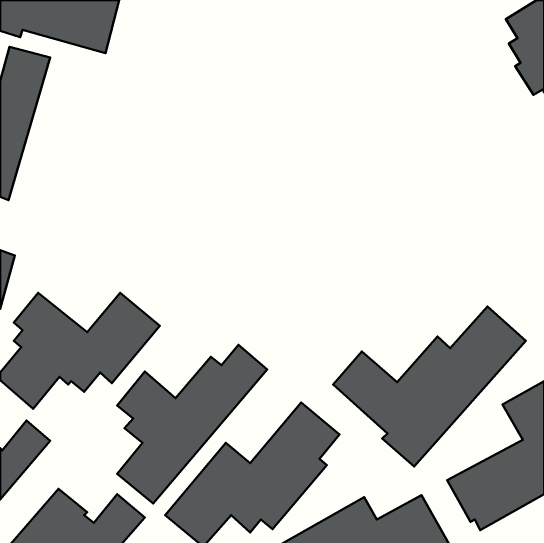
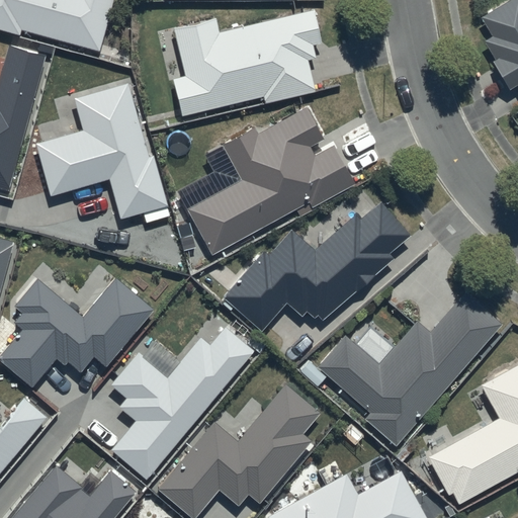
building: none -> [171,10,320,116]
building: none -> [35,84,168,221]
building: none -> [185,107,354,255]
building: none -> [221,202,408,331]

